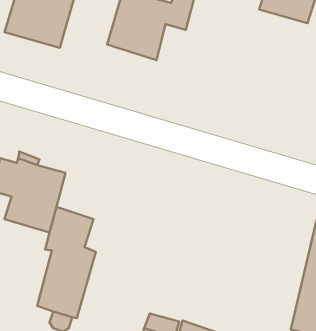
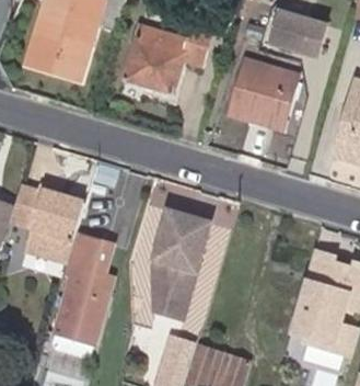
building: none -> [230,57,298,125]
building: none -> [149,209,207,318]

